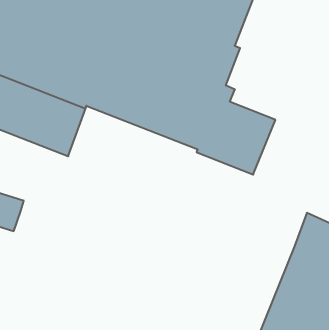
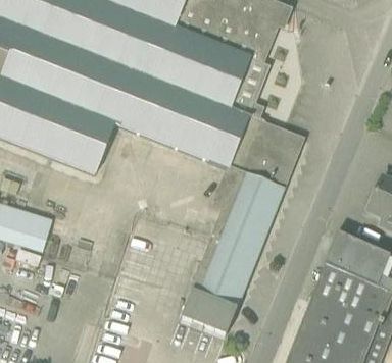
building: none -> [182,170,283,333]

